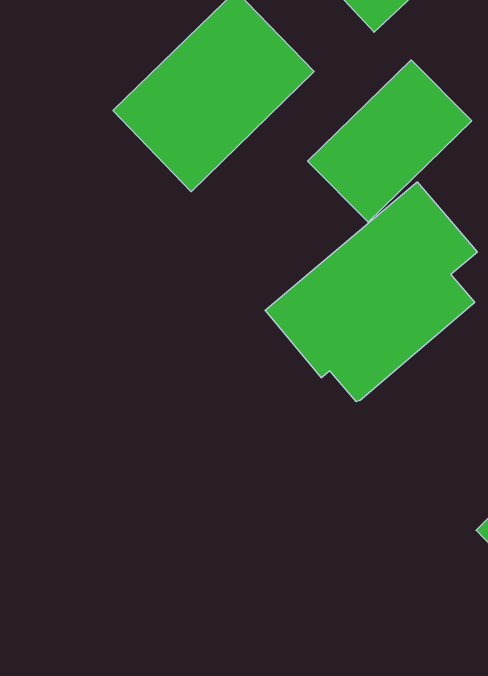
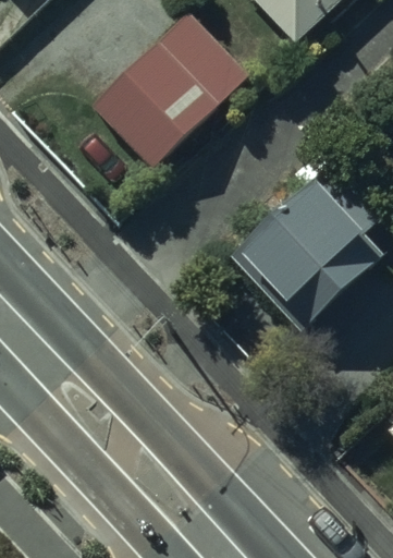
building: [308,60,472,222] -> none

